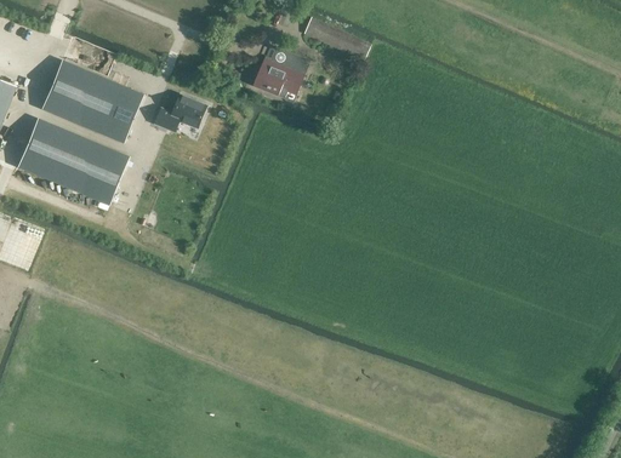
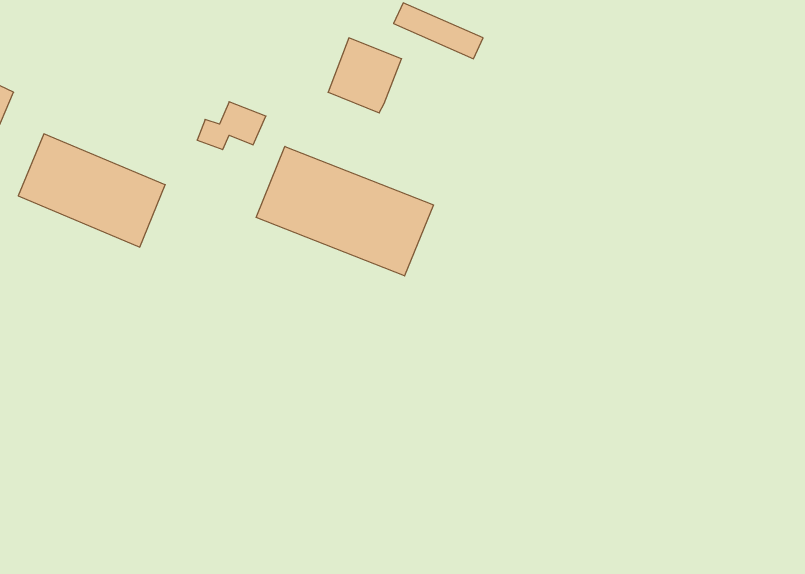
building: [41,59,144,142] -> none
building: none -> [256,146,433,276]

